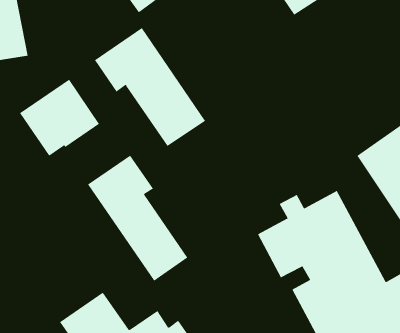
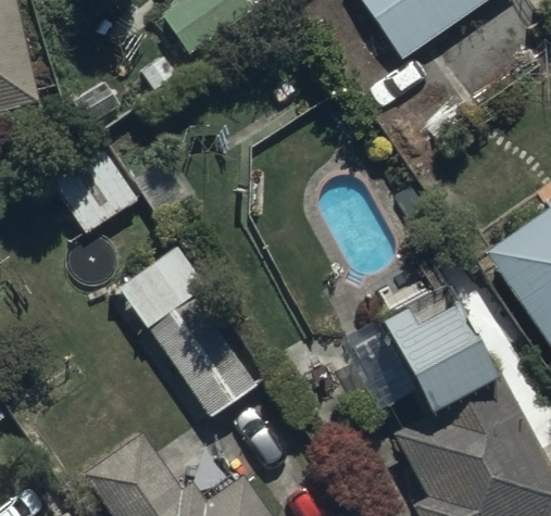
building: [94,27,206,147] -> none

